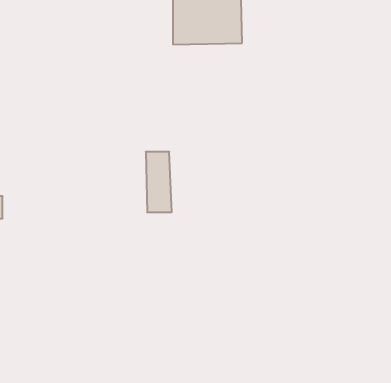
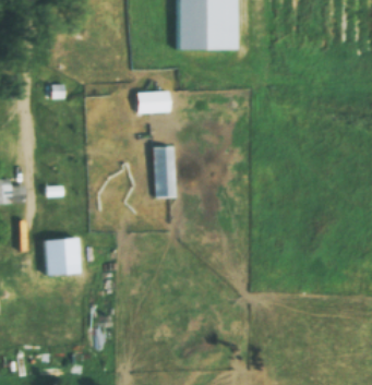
building: none -> [137,91,170,111]
building: none -> [44,237,81,275]

